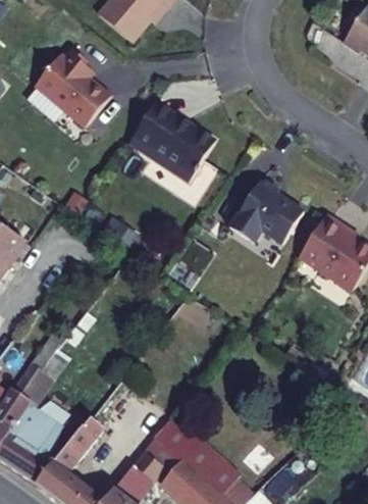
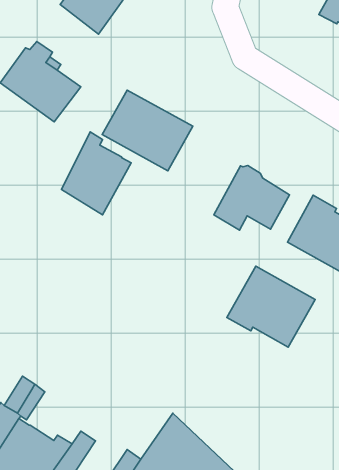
building: none -> [61,132,131,215]
building: none -> [227,266,315,347]

